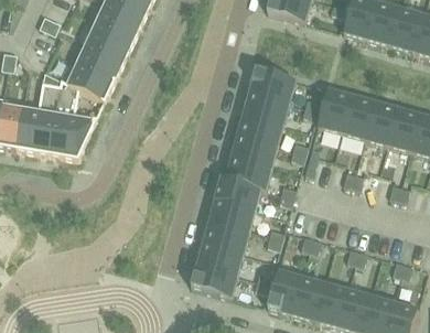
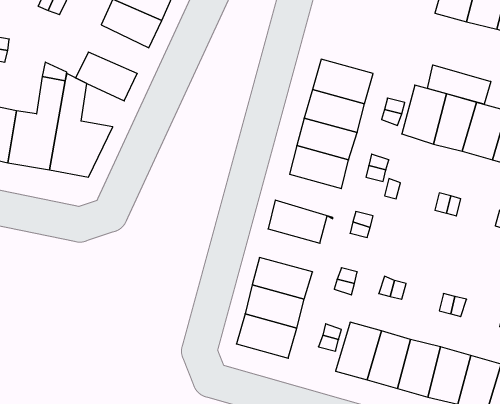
building: [77,40,123,77] -> none
building: none -> [427,65,491,104]
building: [221,154,271,187] -> none
building: [208,196,255,229] -> none

